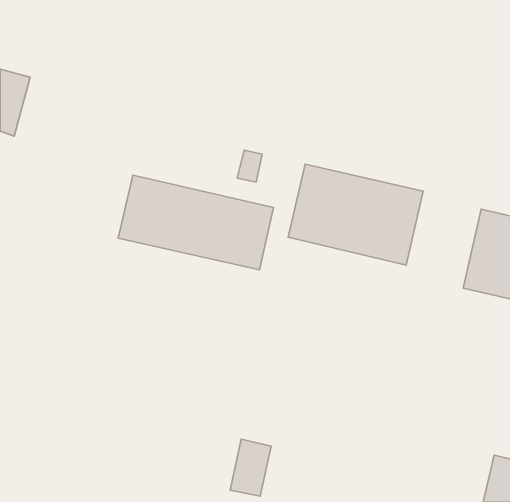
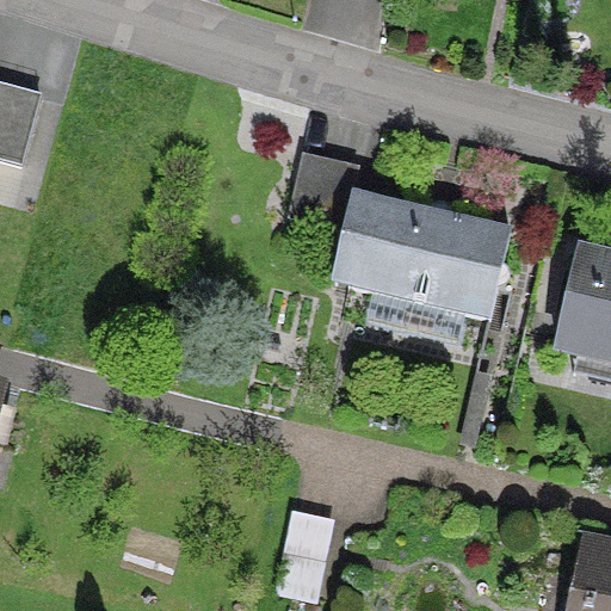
building: [118,175,274,270] -> none

